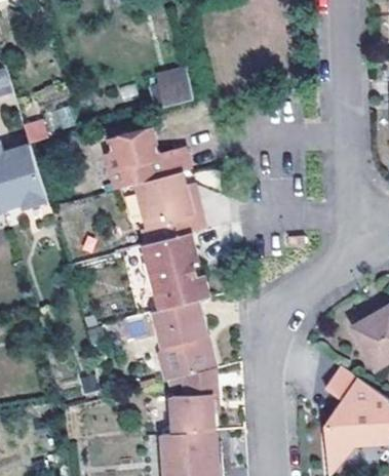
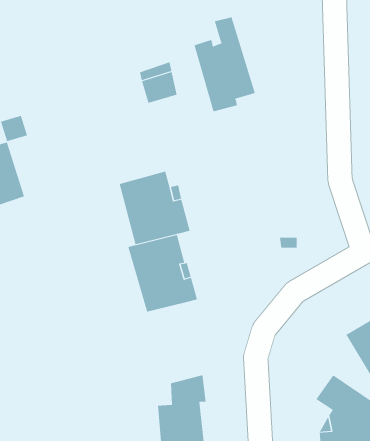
building: none -> [194,17,255,112]
building: [104,129,189,190] -> none
building: [152,299,216,380] -> none

